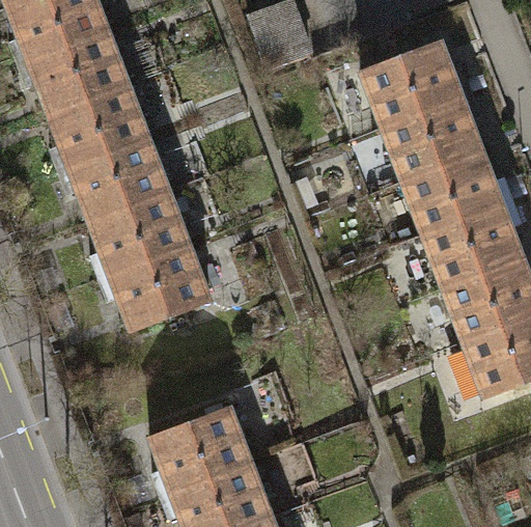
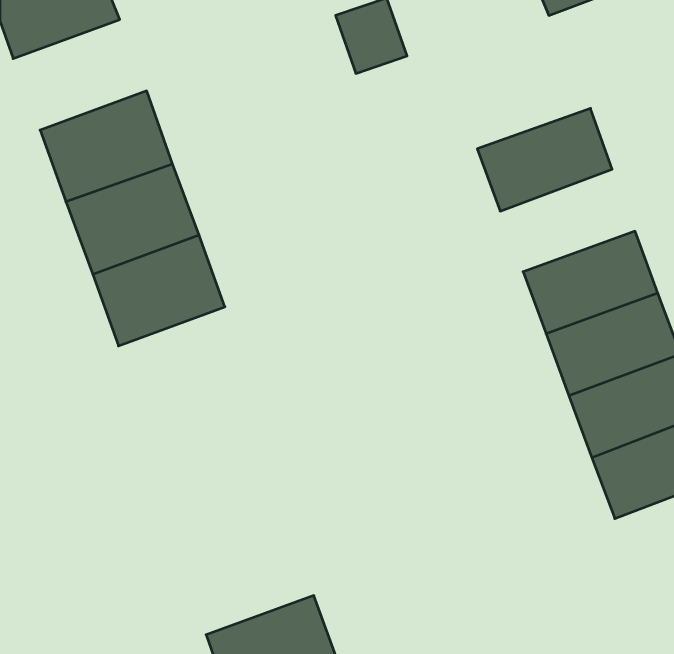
building: [20,18,122,103] -> none
building: [360,38,464,117] -> none
building: [394,133,498,212] -> none
building: [101,239,203,324] -> none
building: [148,407,251,491] -> none

